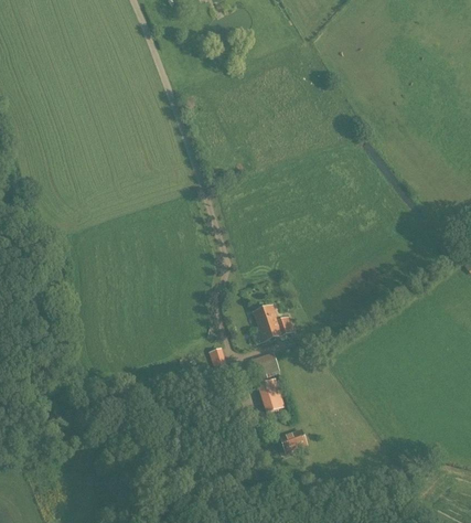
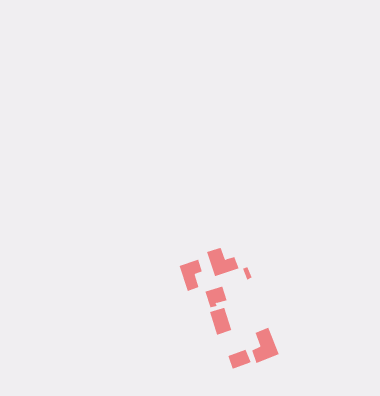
building: none -> [179,259,202,292]
building: none -> [251,327,279,364]

